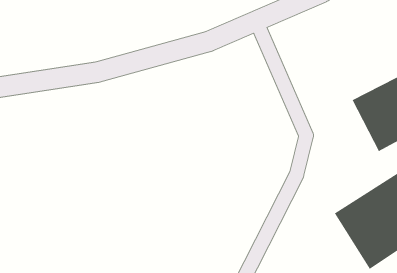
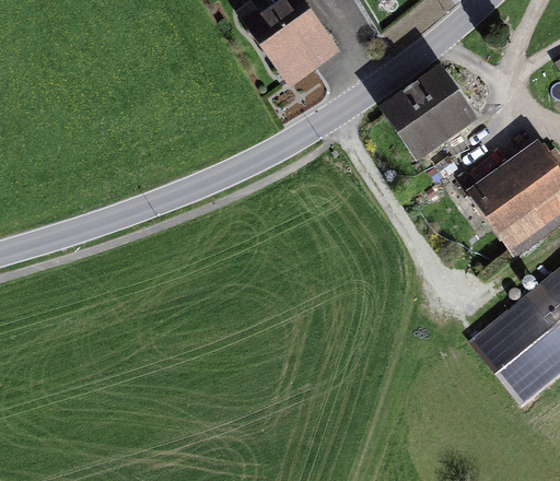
building: none -> [381,68,479,164]

